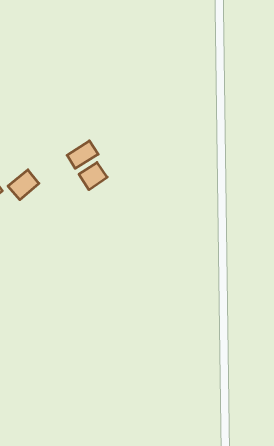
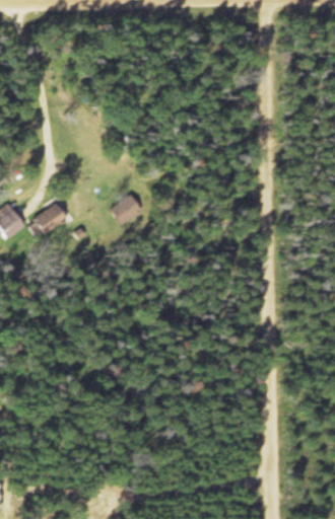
building: [67,141,98,168] -> none

